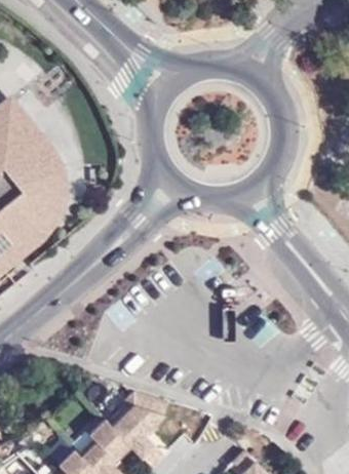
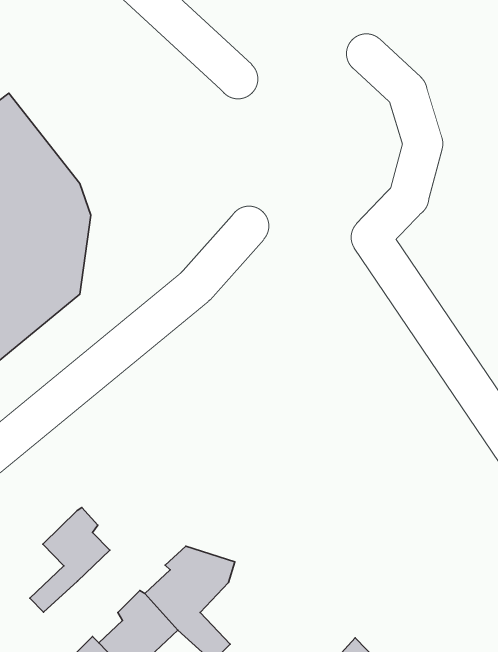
building: none -> [30,507,110,612]

